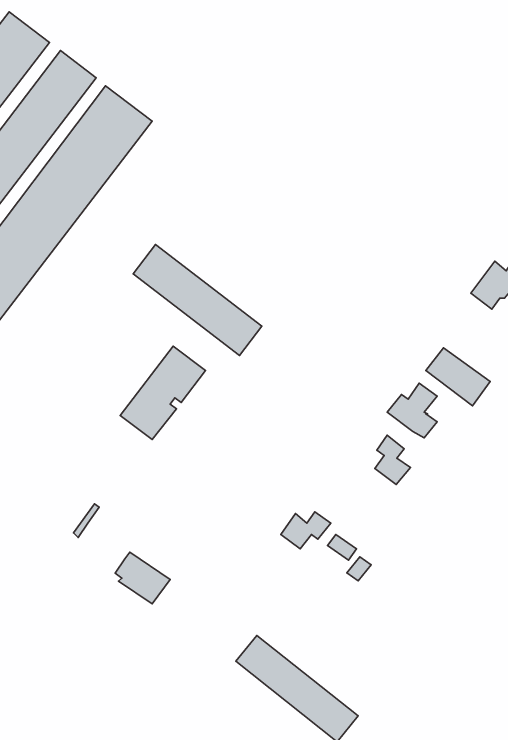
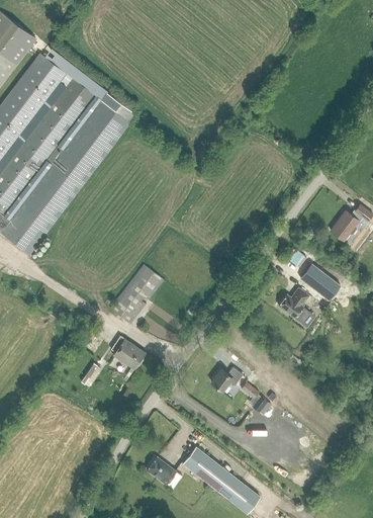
building: [133,245,262,356] -> none
building: [375,435,410,484] -> none
building: [115,552,170,604] -> [110,335,145,367]
building: none -> [147,456,176,484]

